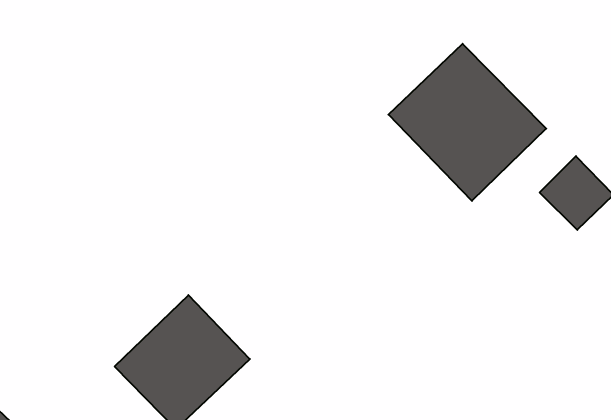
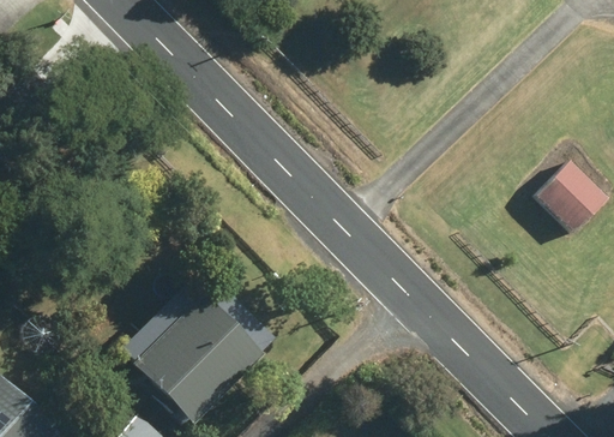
building: [388,44,546,201] -> none

